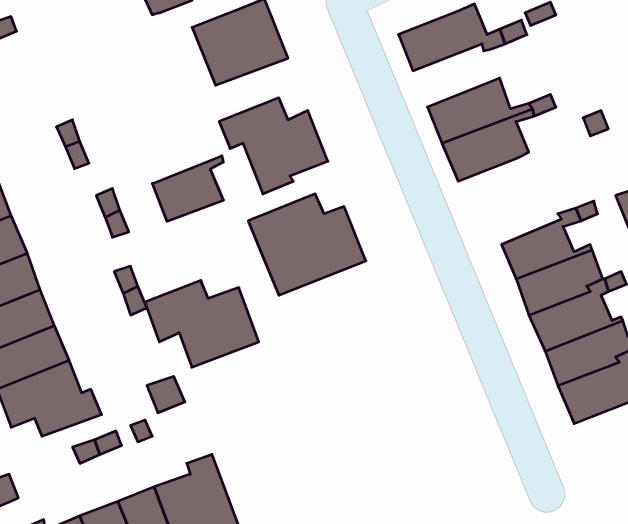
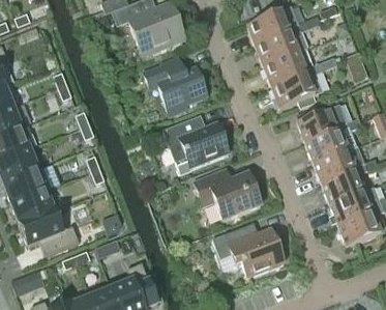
building: none -> [257,28,307,64]
building: [152,156,223,221] -> none
building: none -> [299,108,342,143]
building: [145,280,259,367] -> [196,168,261,218]
building: none -> [213,223,285,275]

